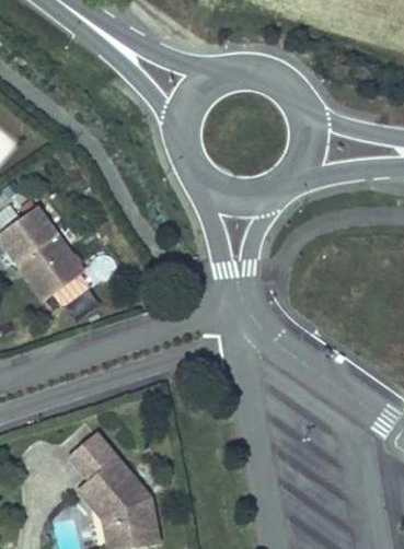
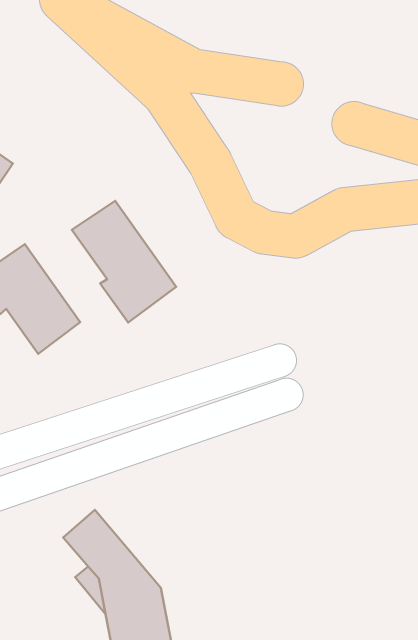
building: none -> [72,201,176,323]

